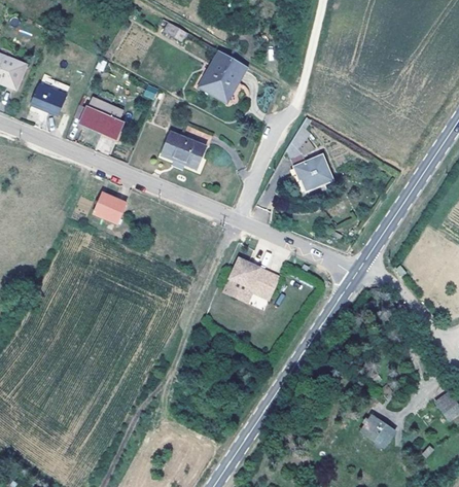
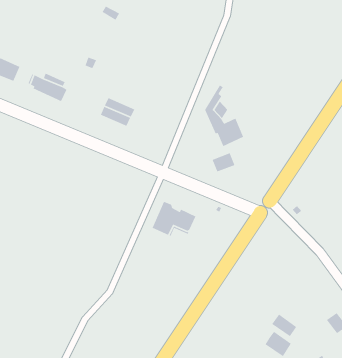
building: [199,49,247,101] -> none
building: [94,192,126,222] -> none
building: none -> [212,152,235,172]
building: none -> [271,313,297,337]

